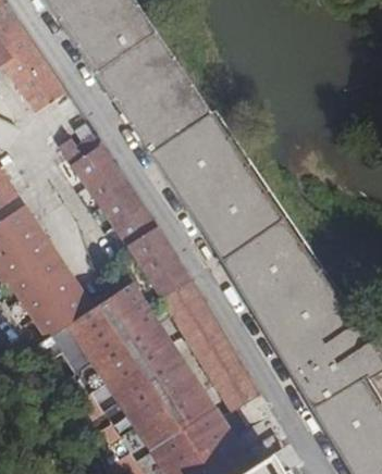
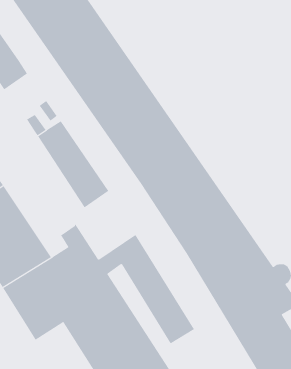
building: [121,230,193,311] -> none

